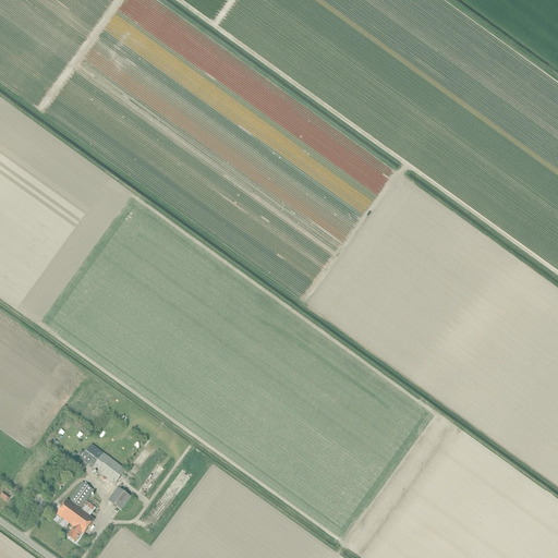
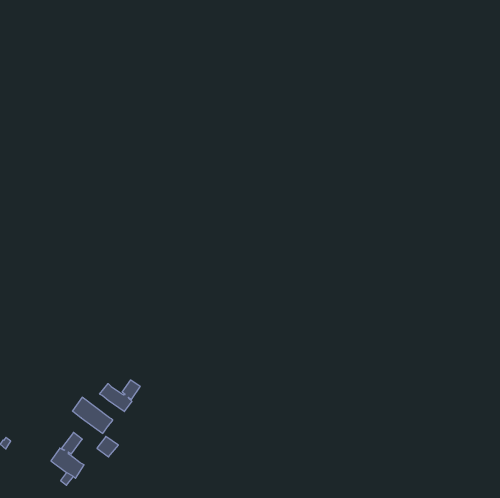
building: none -> [100,380,140,412]

